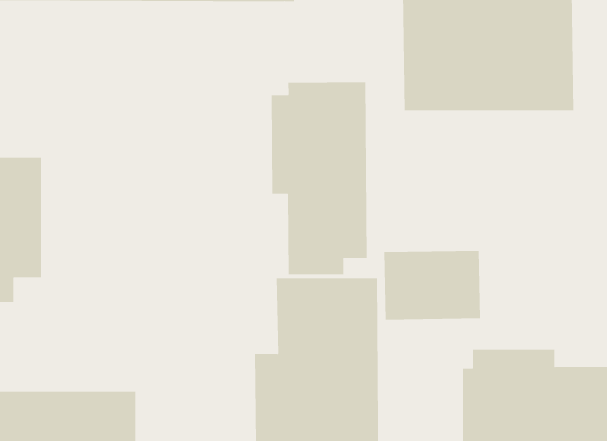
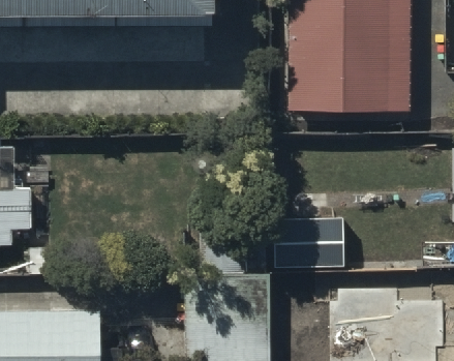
building: [271,82,367,275] -> none

